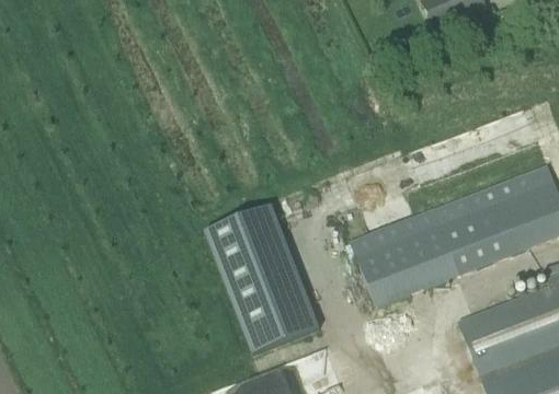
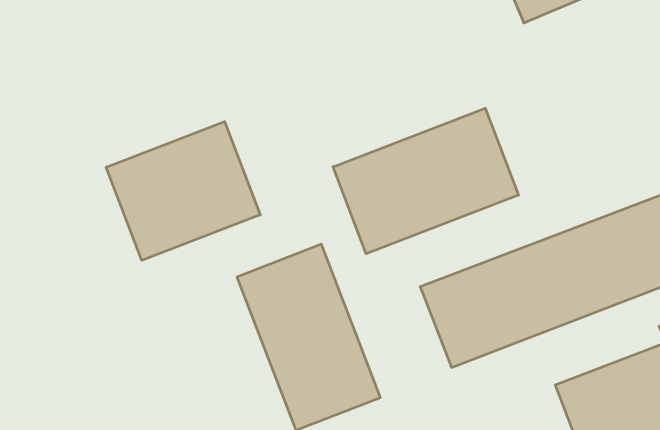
building: none -> [333,108,518,254]
building: none -> [106,122,260,260]

